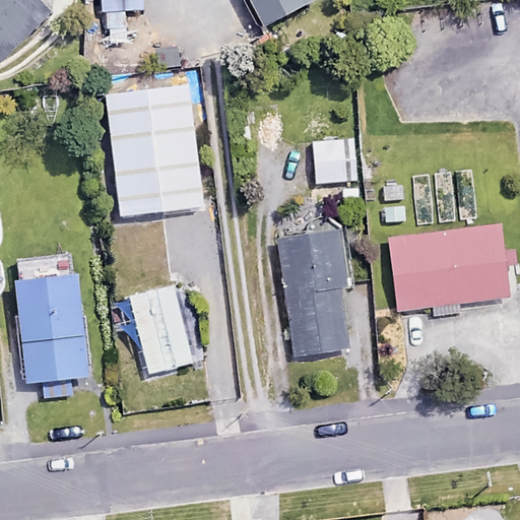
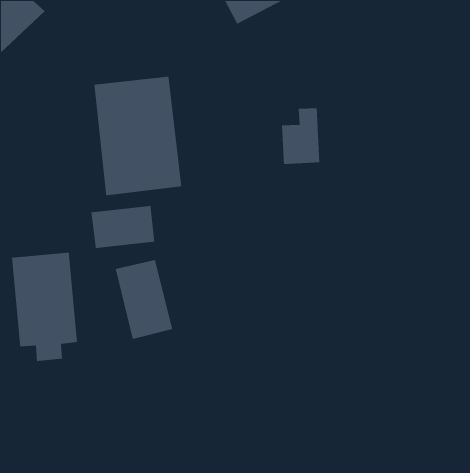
building: [389,223,510,309] -> none
building: none -> [91,205,155,249]
building: [280,230,348,354] -> none

